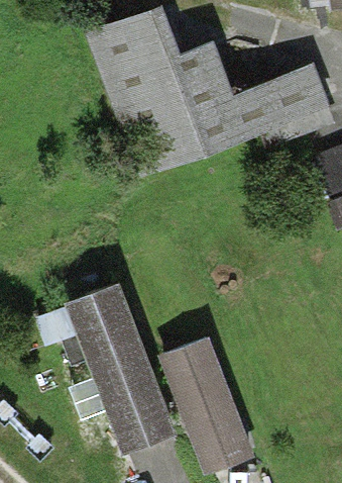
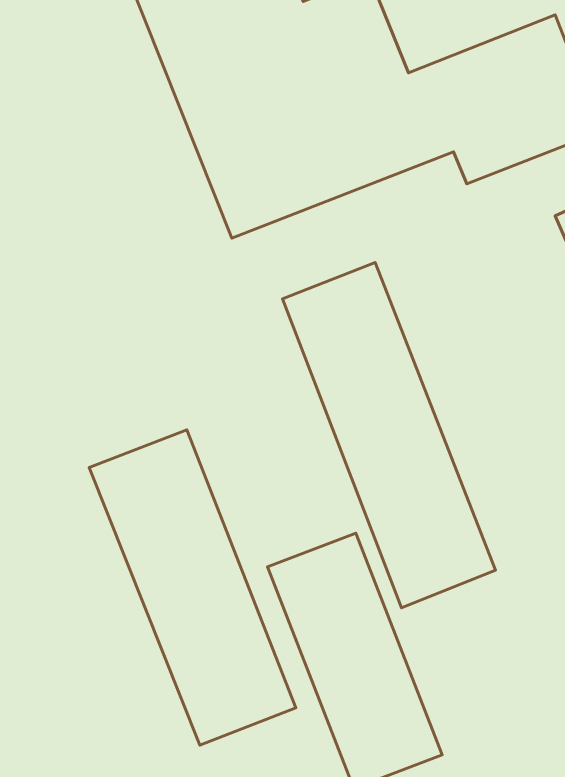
building: none -> [282,263,496,608]

